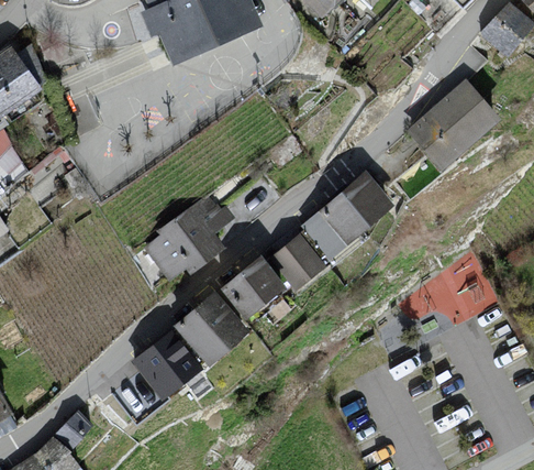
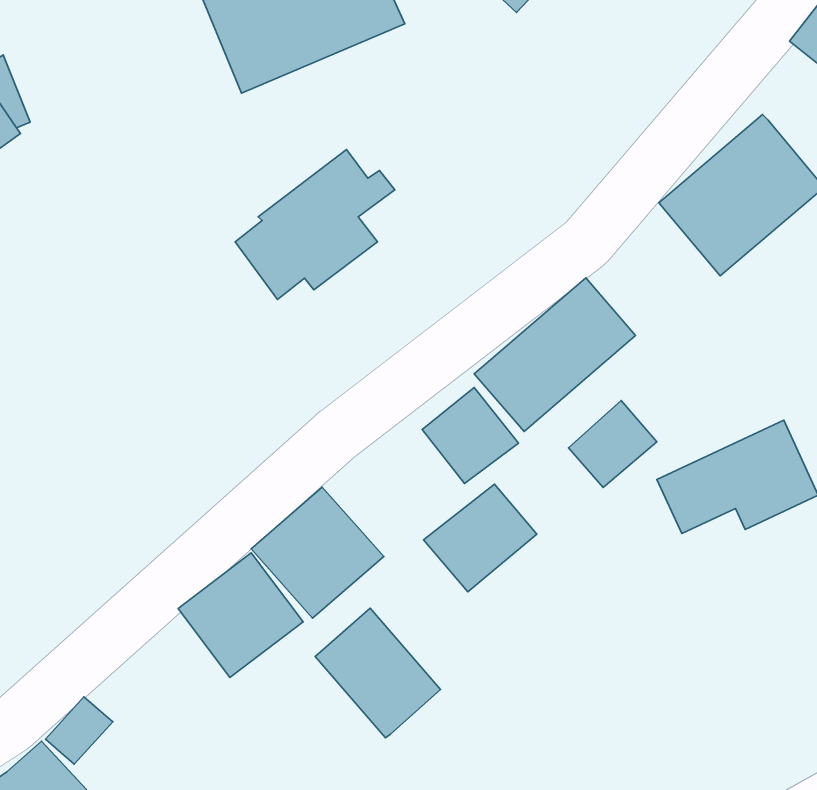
building: [144,195,235,281] -> [235,149,395,299]
building: none -> [569,400,657,487]
building: [220,258,285,319] -> [424,484,537,592]
building: none -> [315,608,440,738]

